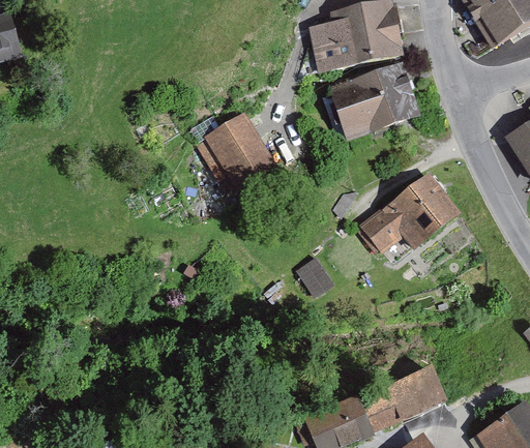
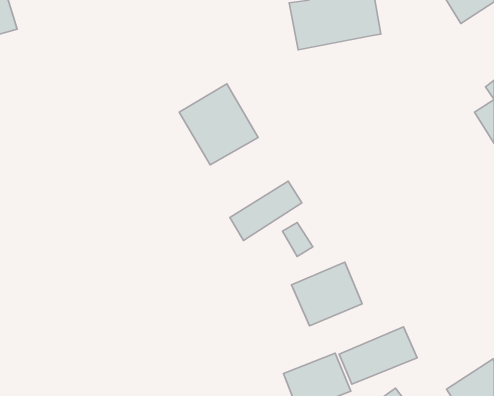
building: [324,59,421,142] -> none
building: [357,170,462,253] -> none
building: none -> [230,181,302,240]
building: none -> [291,262,362,326]

